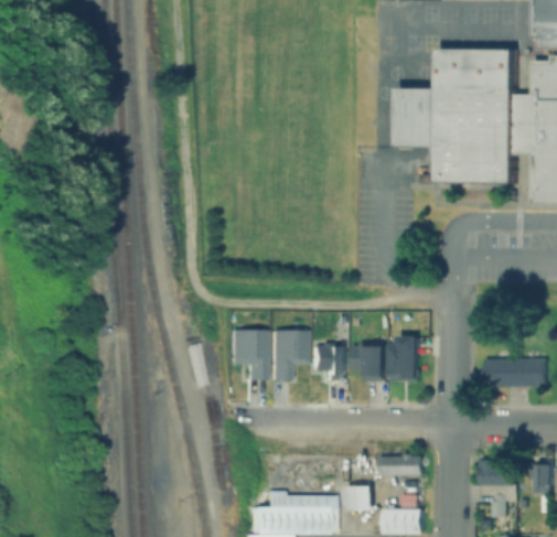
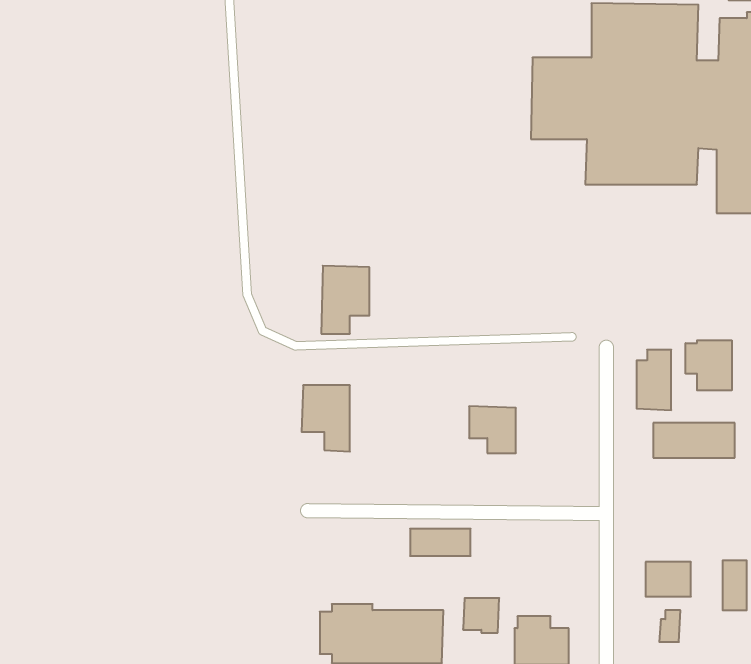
building: none -> [686,340,732,390]
building: [268,330,303,379] -> [321,266,369,334]
building: [390,336,416,380] -> [637,350,671,410]
building: [309,346,343,379] -> none
building: [377,454,421,474] -> [410,529,471,556]

